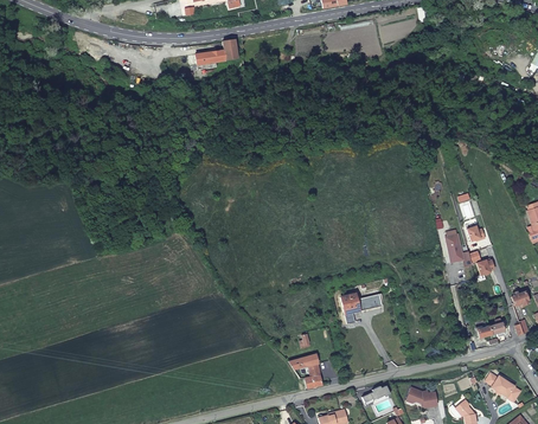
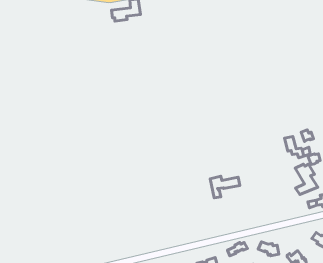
building: none -> [295,164,318,195]
building: [288,356,322,388] -> none

